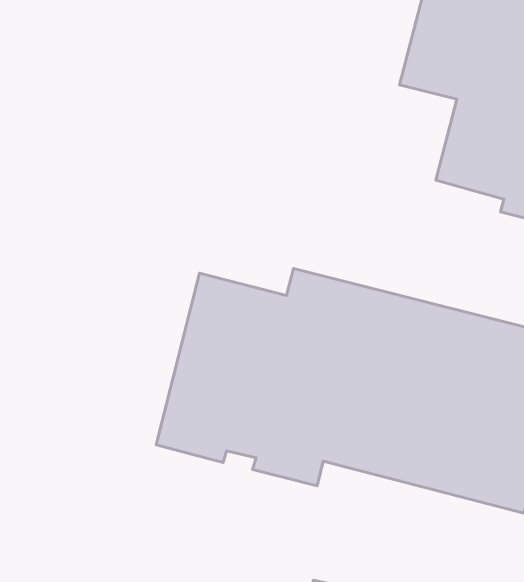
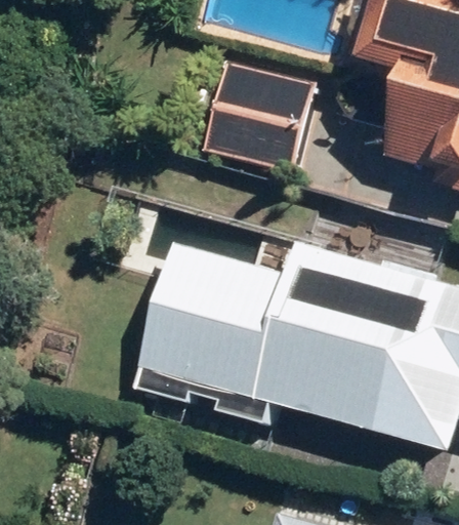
building: none -> [202,56,318,171]

